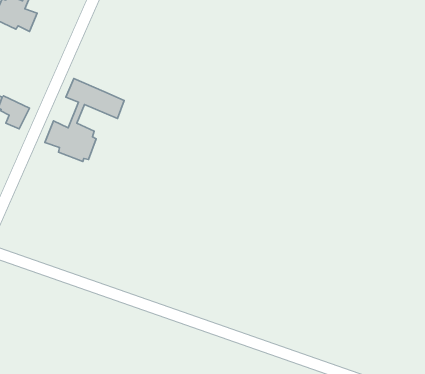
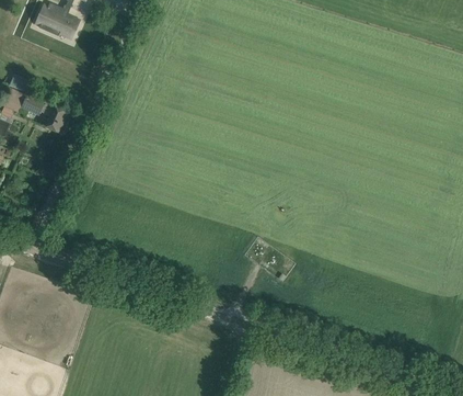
building: [45,78,124,161] -> none

